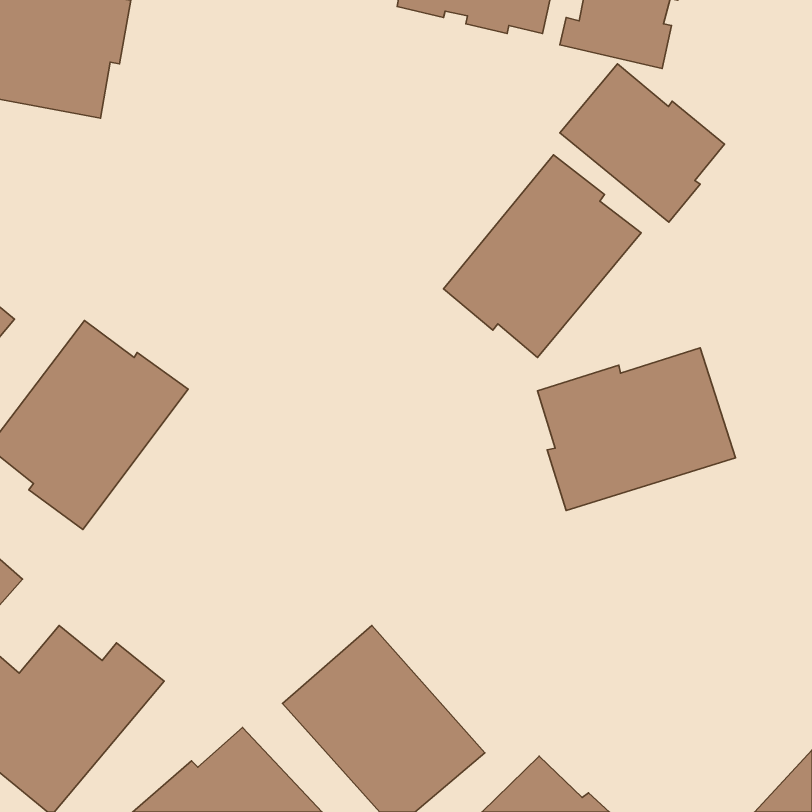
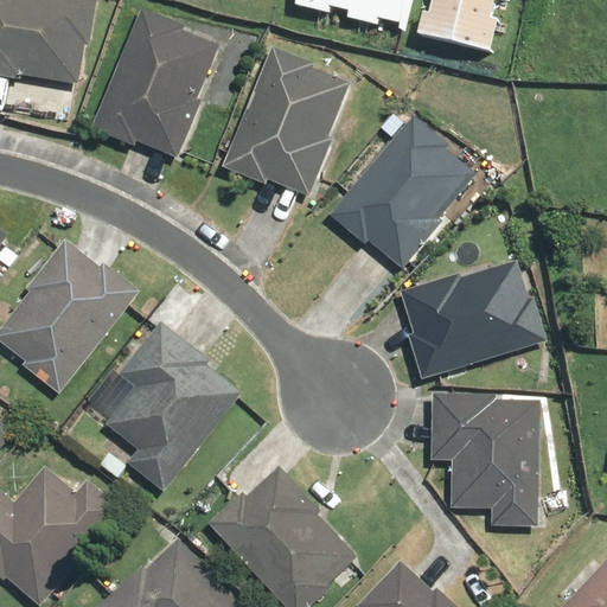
building: none -> [92,6,222,156]
building: none -> [223,44,353,194]
building: [560,64,724,222] -> none
building: none -> [107,320,242,491]
building: none -> [430,391,538,524]

